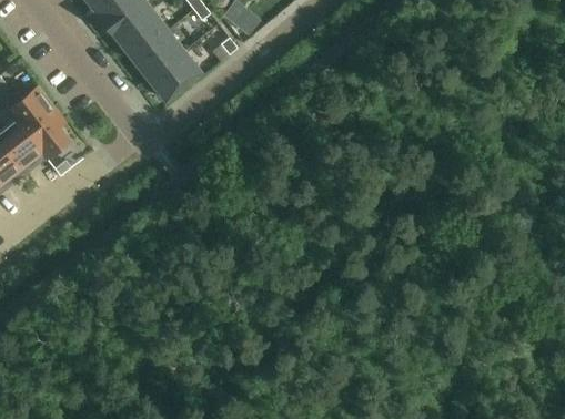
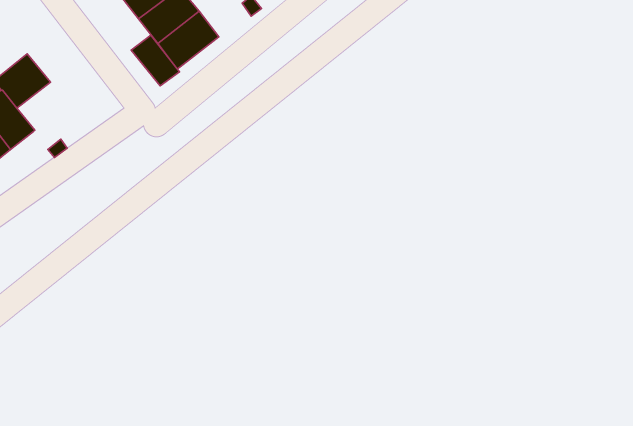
building: none -> [131,35,179,86]
building: [28,112,69,160] -> none

